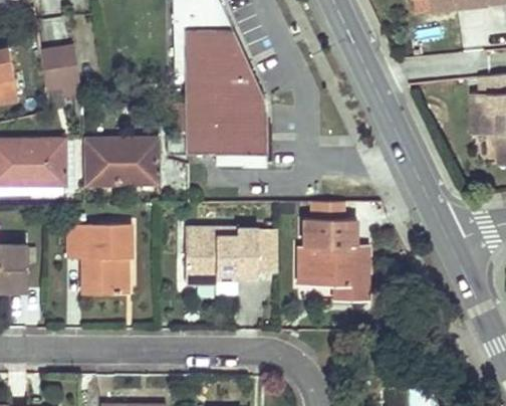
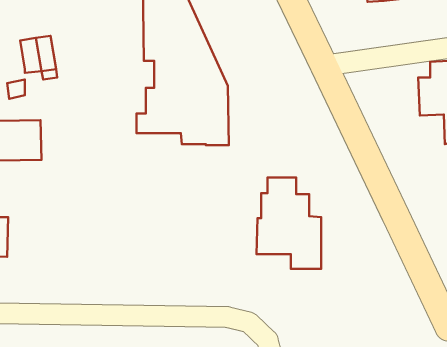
building: [83,138,157,182] -> none
building: [65,223,131,292] -> none
building: [185,226,278,281] -> none

